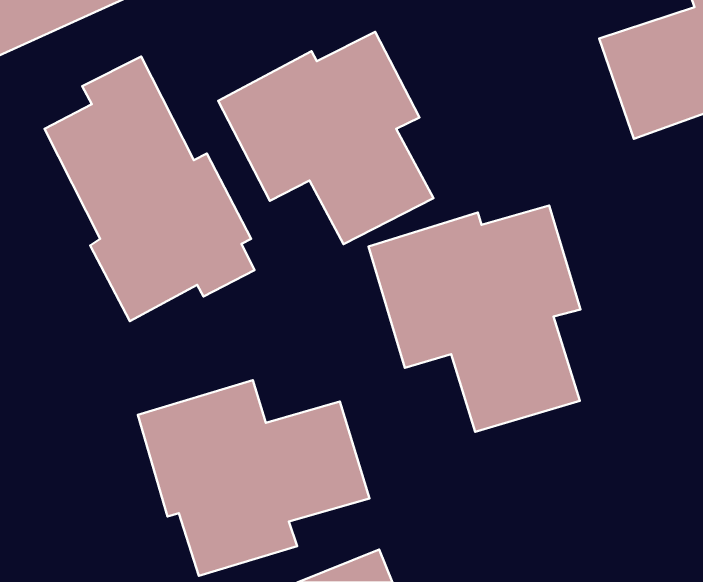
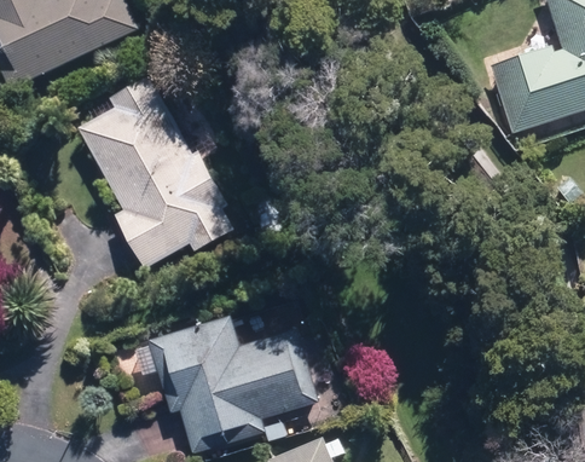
building: [218,32,433,244] -> none
building: [369,205,580,432] -> none

